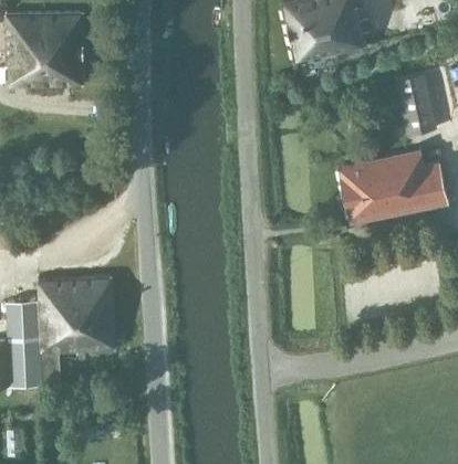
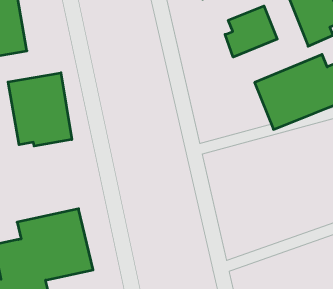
building: none -> [225,6,277,57]
building: none -> [8,73,72,146]

